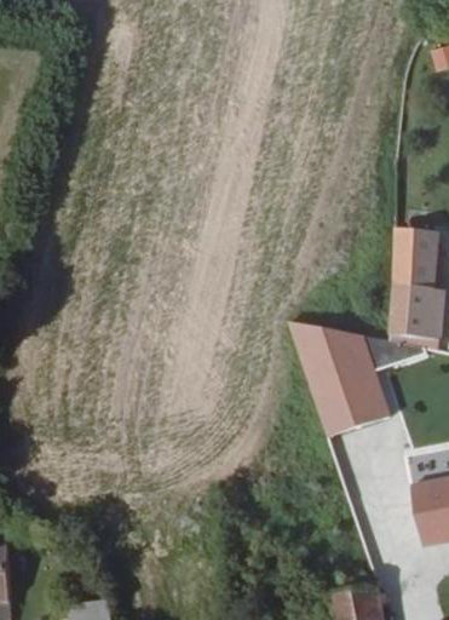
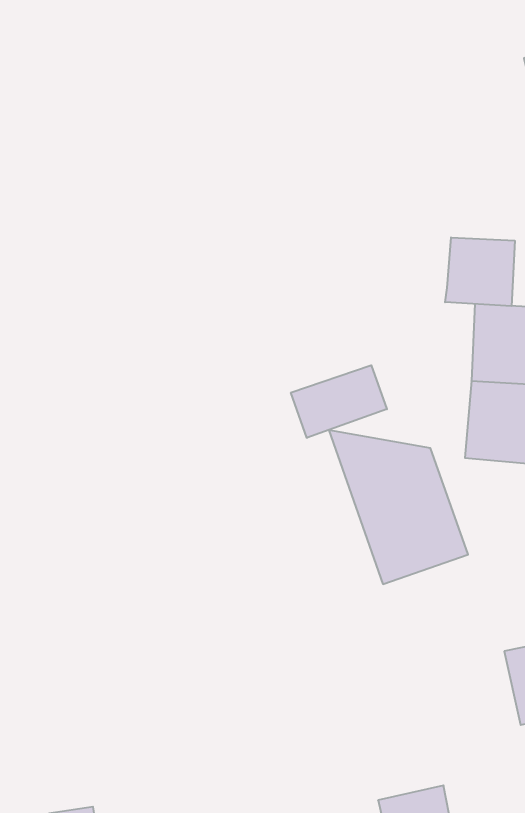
building: none -> [445,237,515,306]
building: none -> [291,365,387,438]

